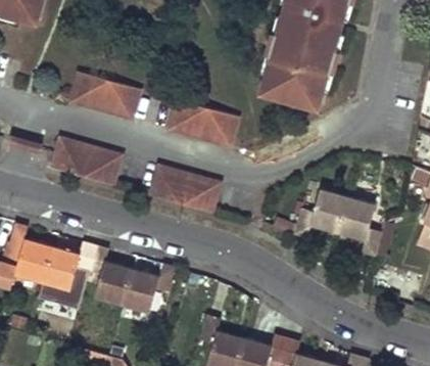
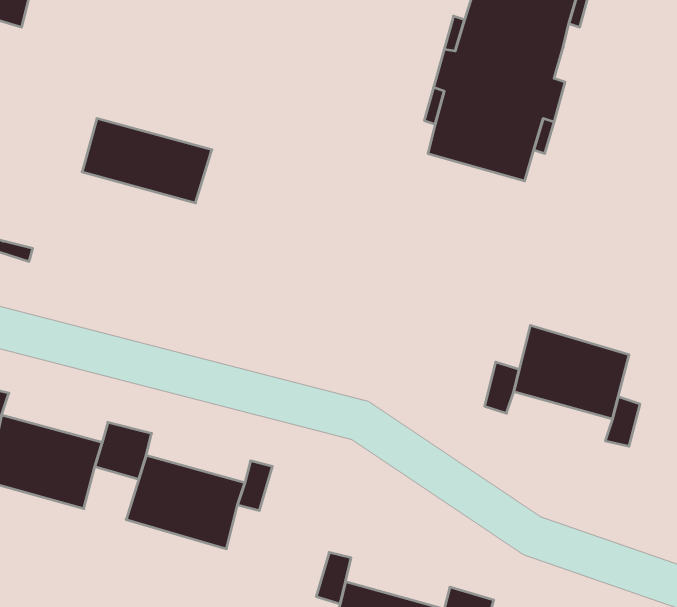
building: [168,99,240,147] -> none
building: [51,139,124,186] -> none
building: [149,166,222,214] -> none

